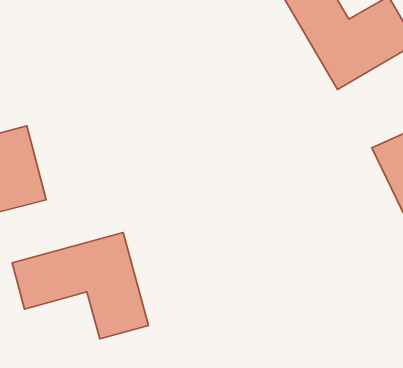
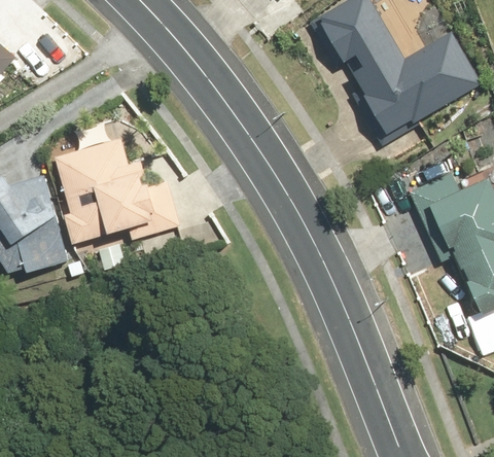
building: none -> [52,139,178,242]
building: [12,232,149,339] -> none

